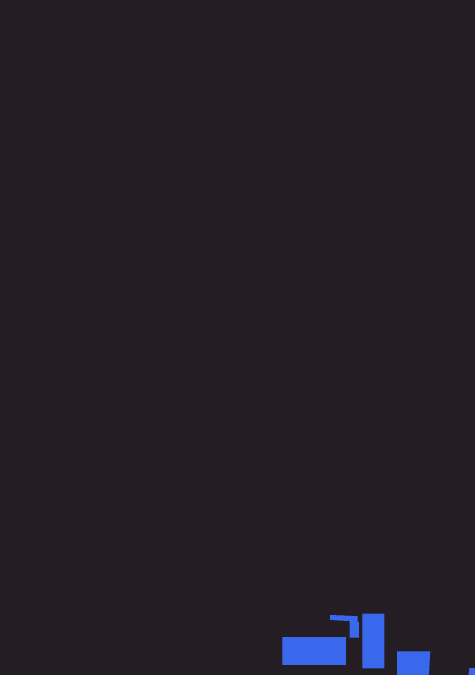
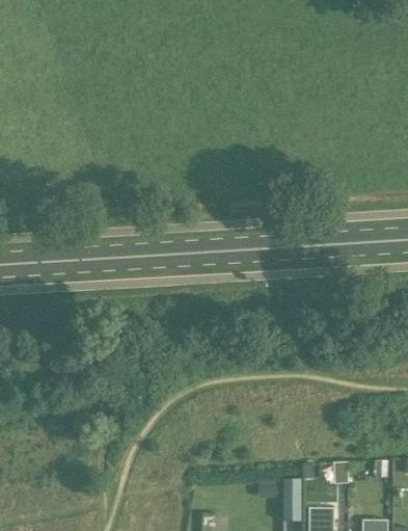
building: [282,636,347,666] -> none

